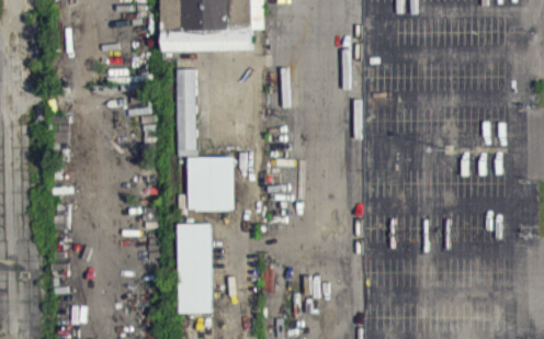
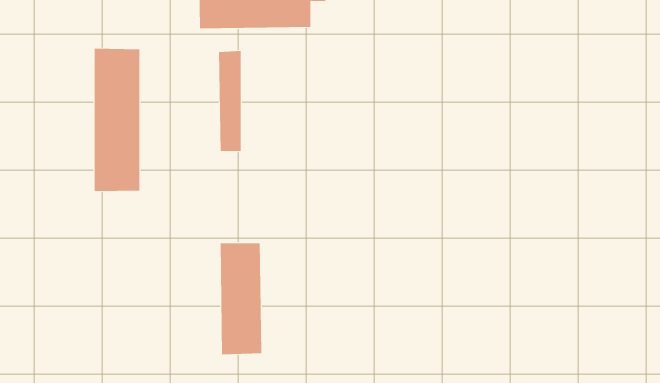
building: none -> [94,48,140,192]
building: [188,156,234,210] -> none

